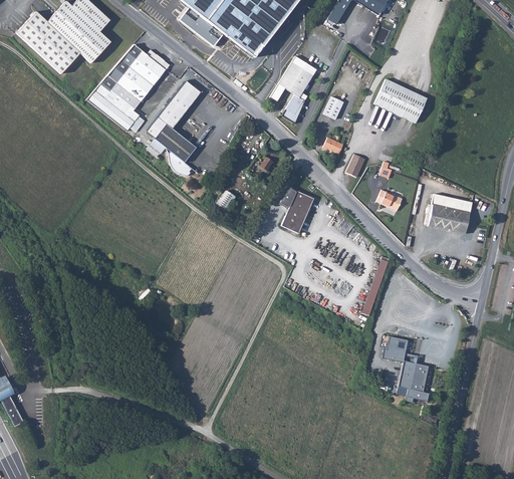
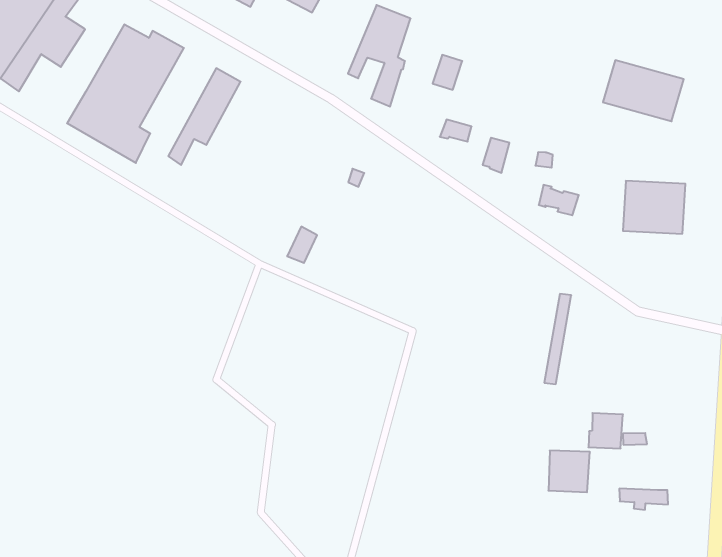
building: [372,77,426,122] -> [603,60,684,121]
building: [156,123,197,174] -> none
building: [282,191,314,232] -> none
building: [398,362,428,392] -> [548,451,590,492]

